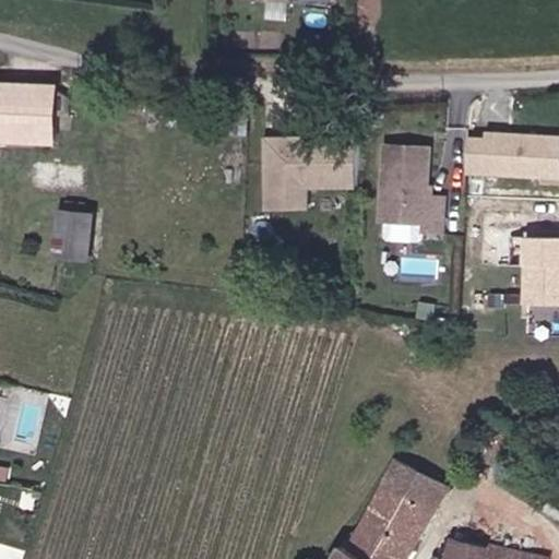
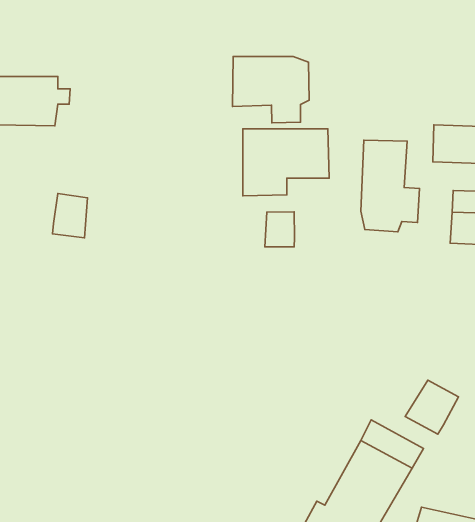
building: none -> [232,57,309,123]
building: none -> [265,212,294,247]
building: none -> [405,380,458,434]

